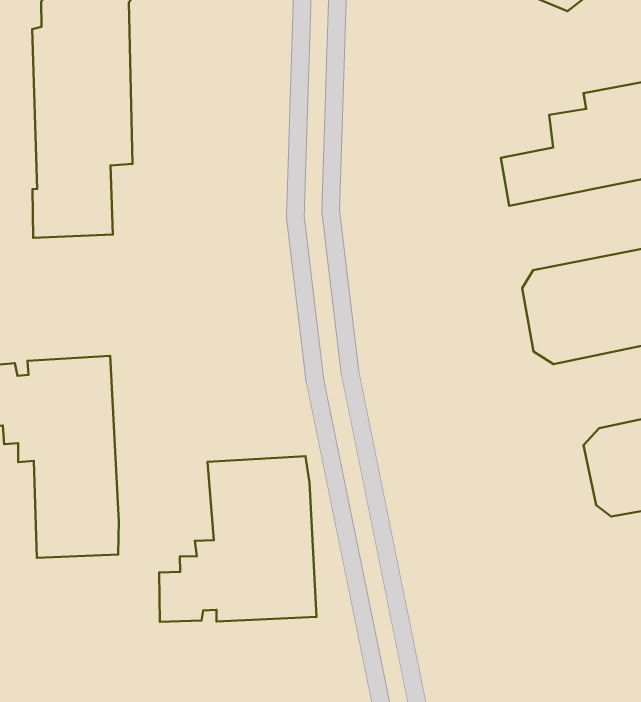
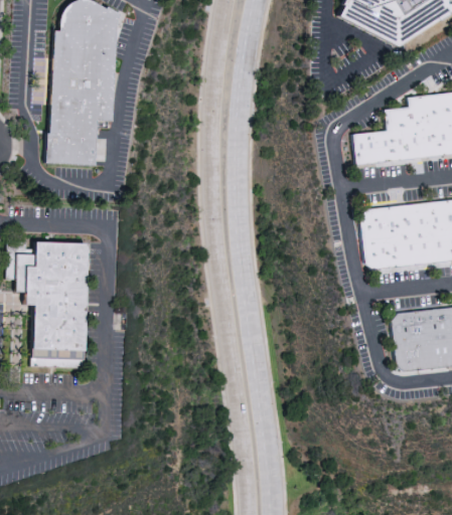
building: [159,456,317,622] -> none

